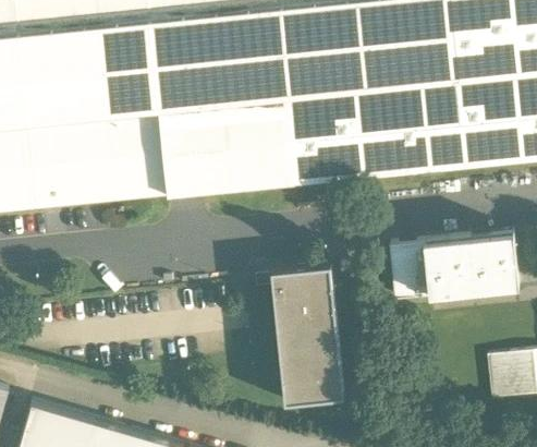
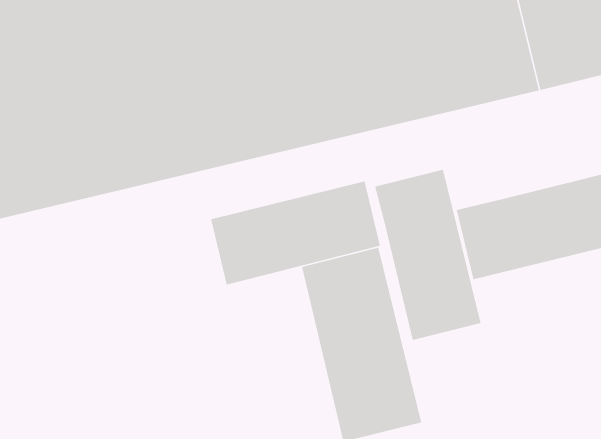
building: none -> [374,169,482,341]
building: none -> [210,181,381,285]

